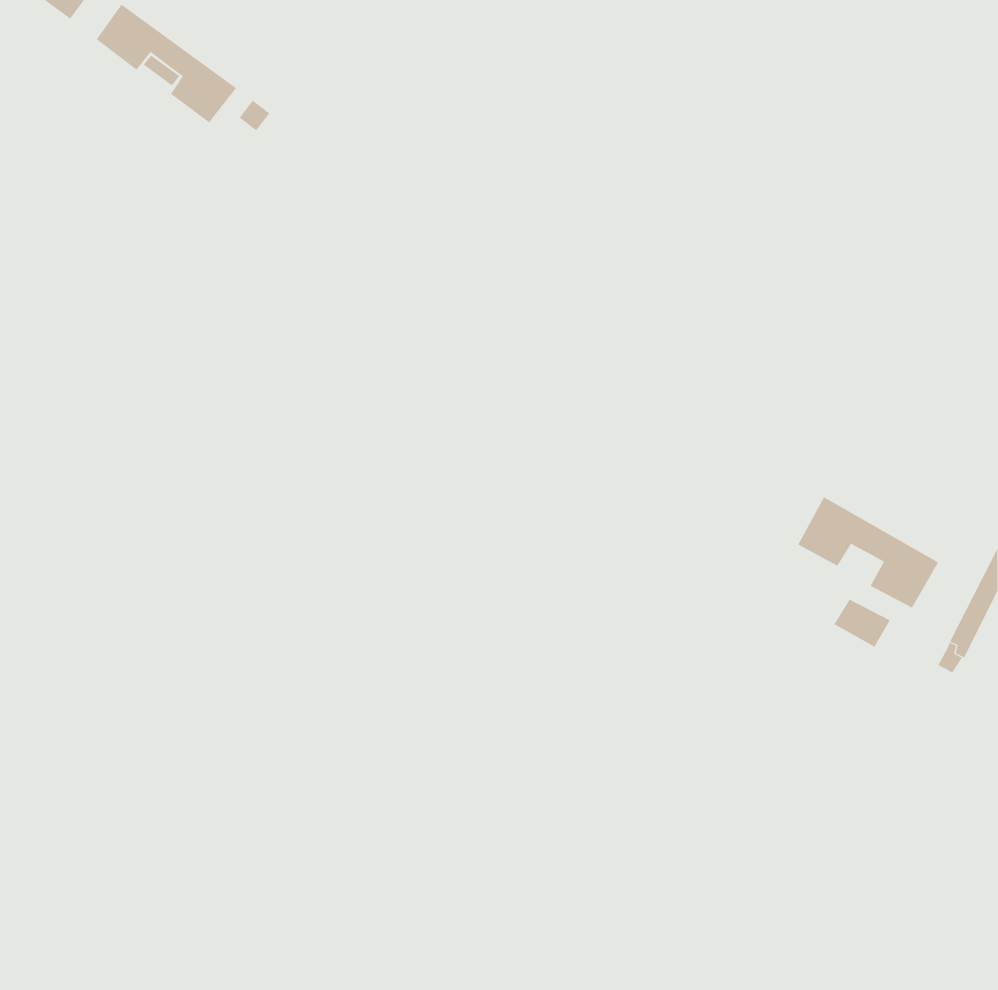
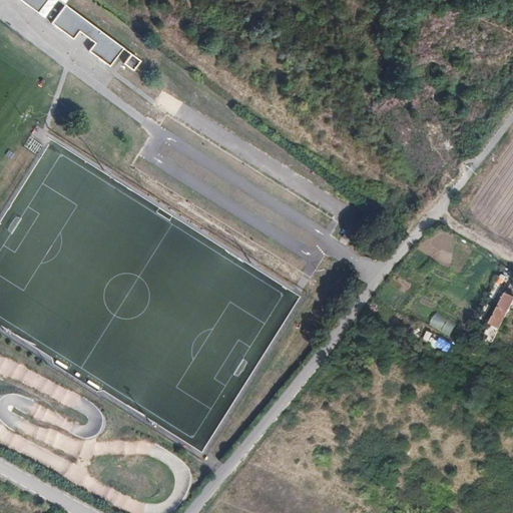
building: [798,496,939,609] -> none

